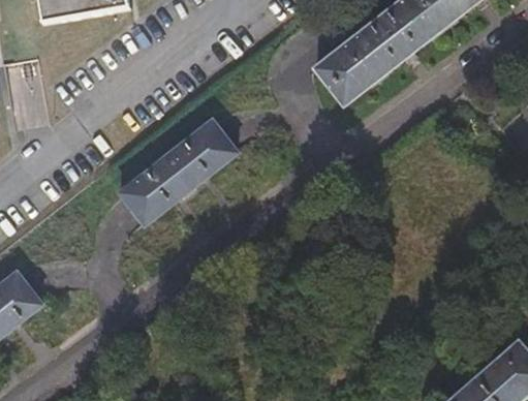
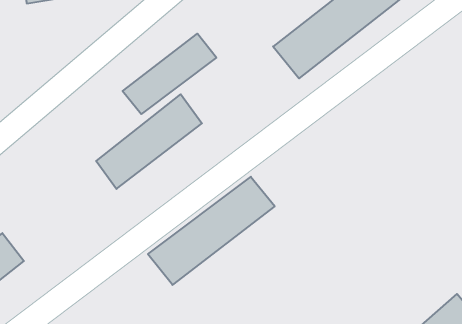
building: none -> [123,34,216,114]
building: none -> [148,177,275,285]

